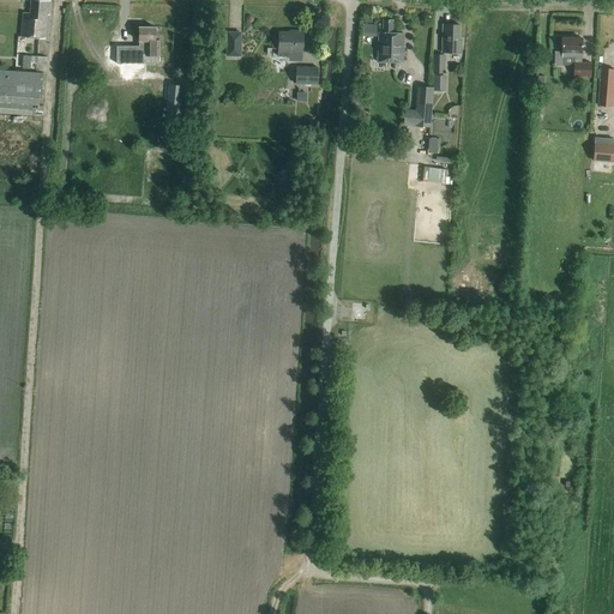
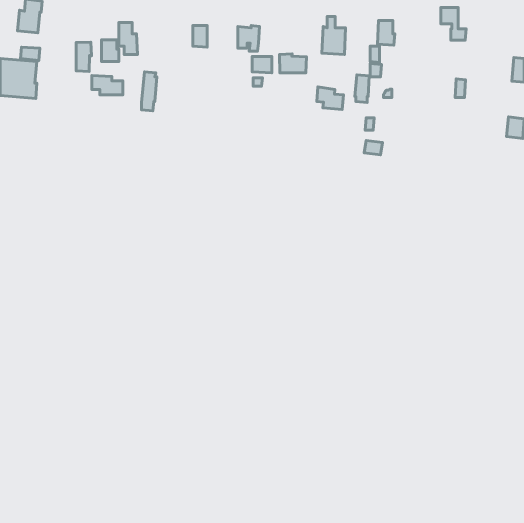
building: [561,37,591,76] -> [441,7,466,40]
building: none -> [76,42,91,72]
building: none -> [280,54,307,73]
building: none -> [92,76,123,95]
building: none -> [317,87,344,110]

